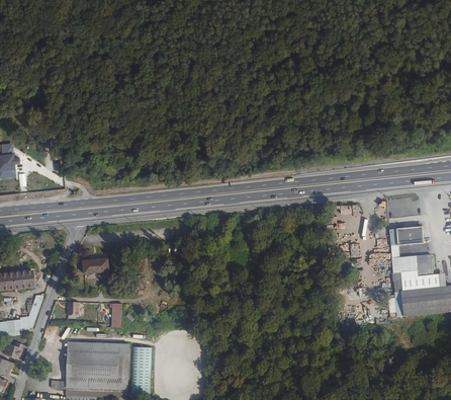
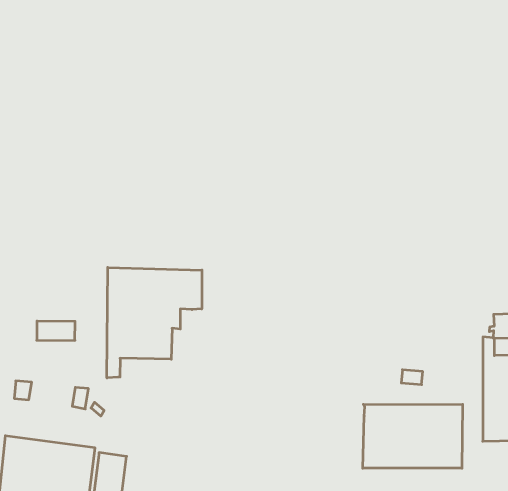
building: none -> [107,267,202,378]
building: none -> [363,404,463,468]

